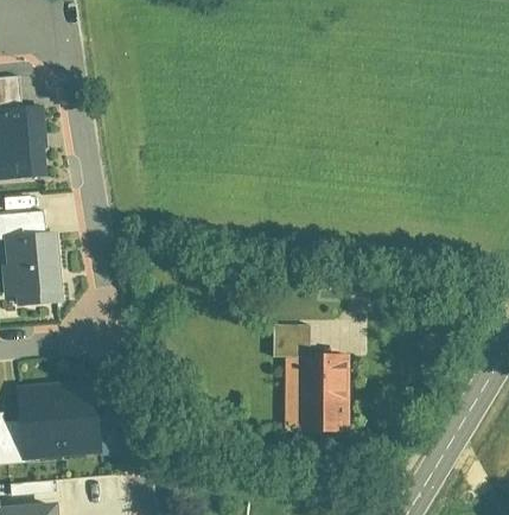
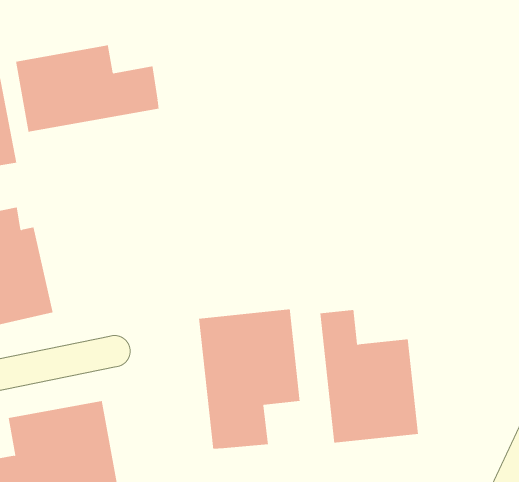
building: none -> [15,45,159,132]
building: none -> [199,309,300,449]

